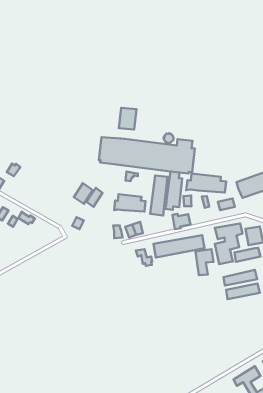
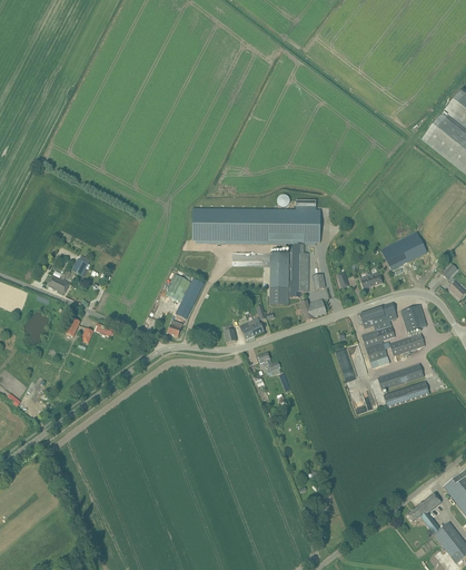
building: [119,108,136,129] -> none
building: [186,173,226,192] -> none
building: [114,194,146,212] -> none
building: [154,235,204,258] -> none

